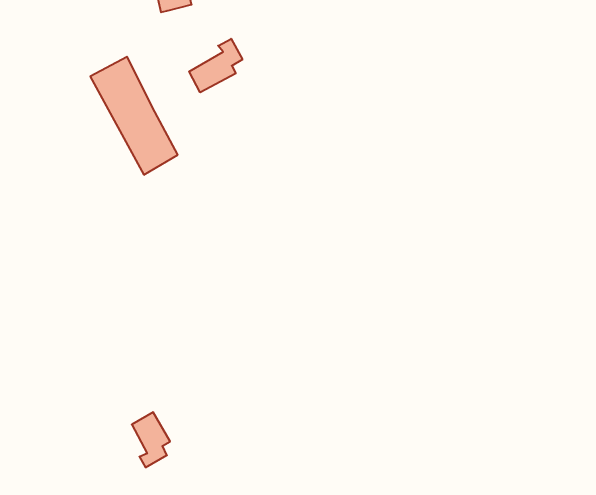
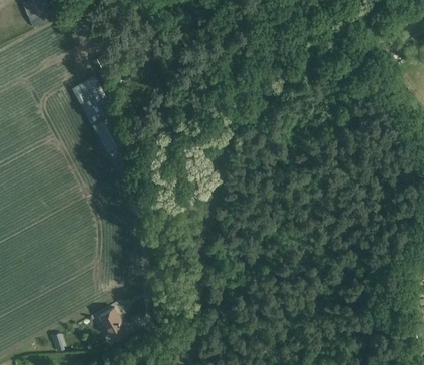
building: [189,39,242,92] -> none

